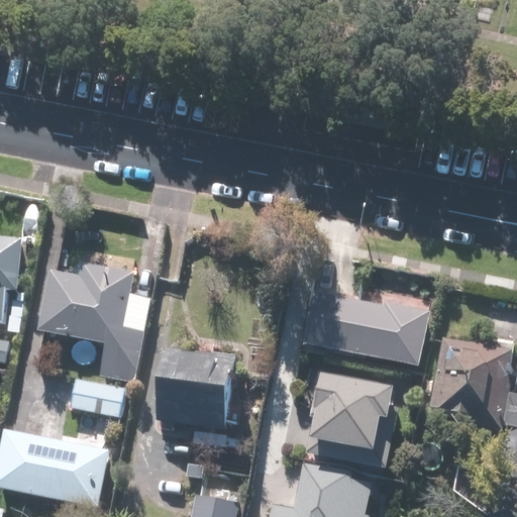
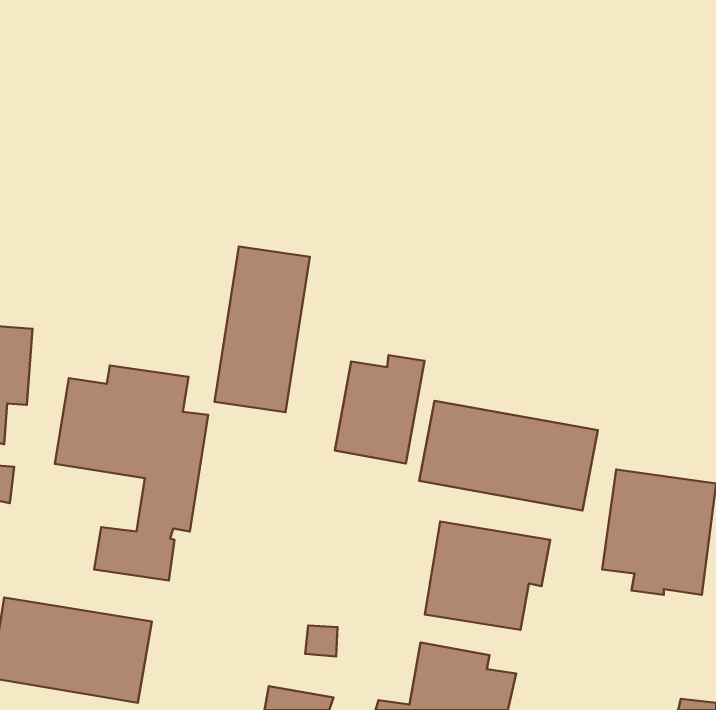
building: none -> [214,247,310,412]
building: none -> [335,355,424,464]
building: [158,346,235,445] -> none

